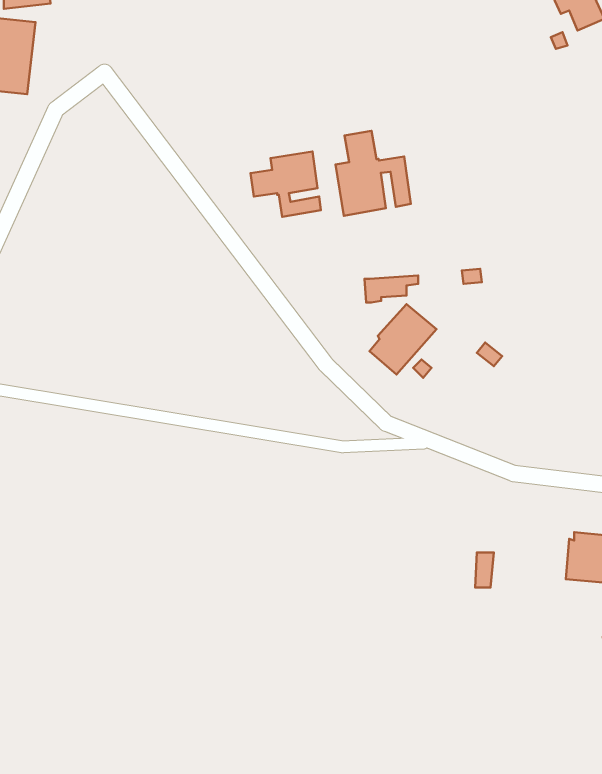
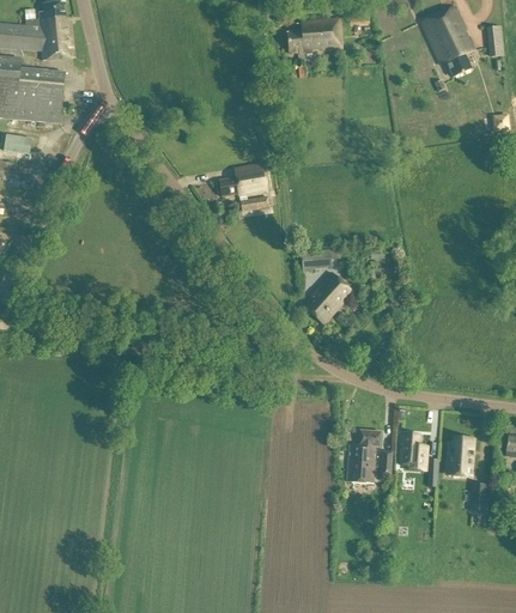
building: [336,131,411,216] -> none
building: none -> [347,430,382,484]
building: none -> [401,433,430,471]

